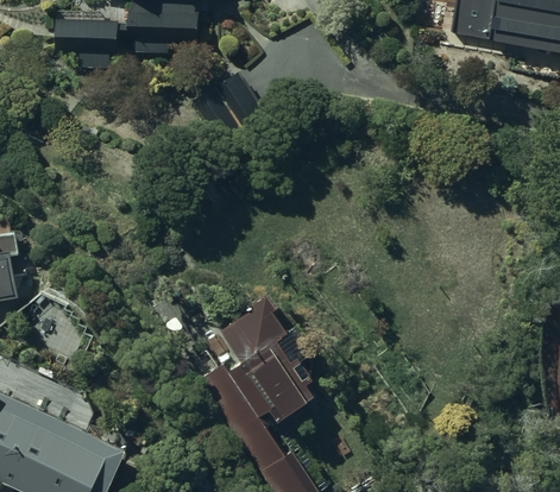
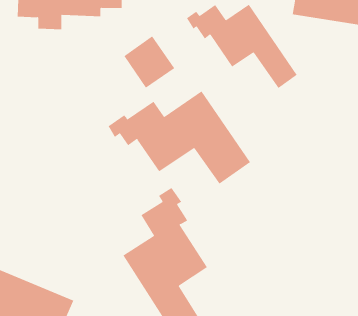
building: none -> [186,4,298,89]
building: none -> [108,90,251,185]

